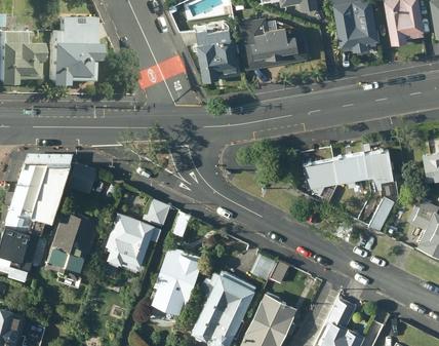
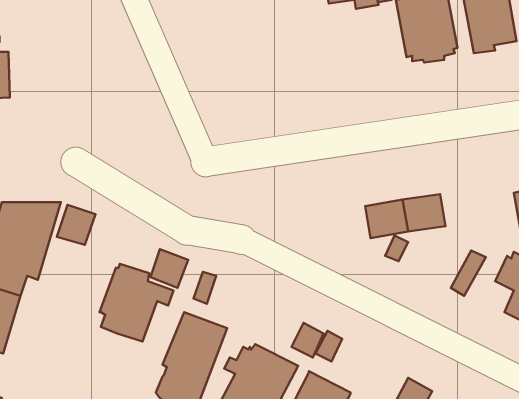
building: [46,14,92,86] -> none
building: [238,20,309,73] -> none
building: [194,31,237,86] -> none
building: [365,150,398,193] -> none
building: [47,209,102,287] -> none

